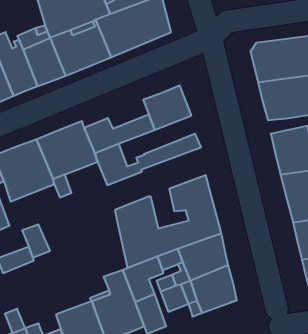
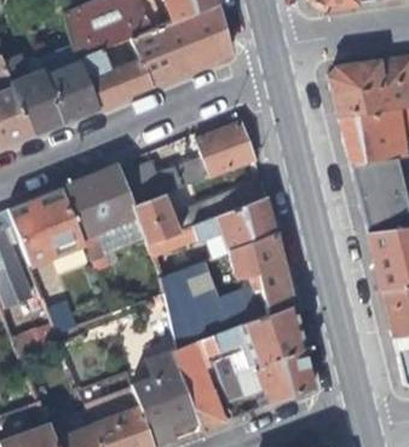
building: none -> [194,199,275,251]

